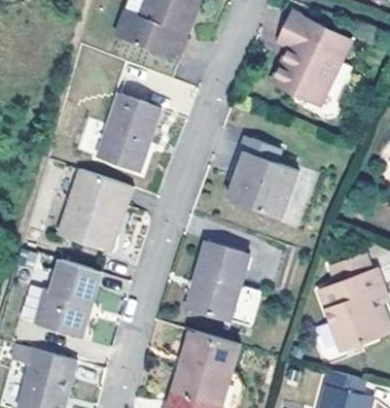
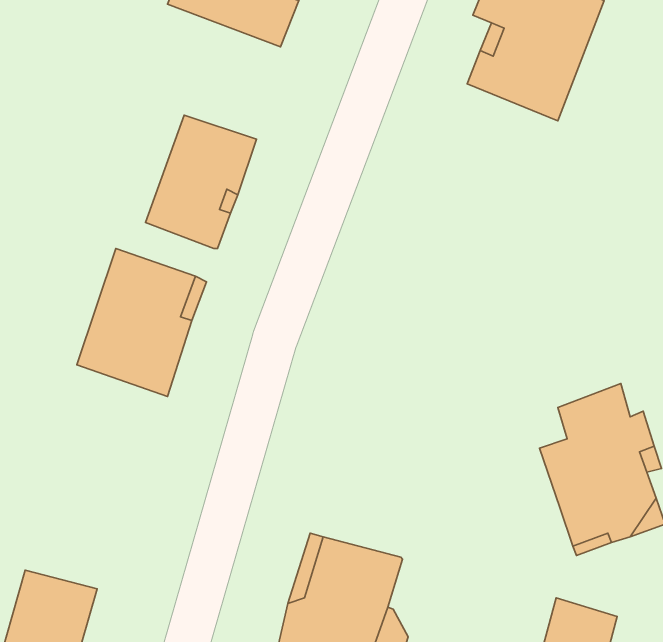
building: [223,141,293,222] -> none
building: [180,243,248,325] -> none
building: [33,261,100,335] -> none

